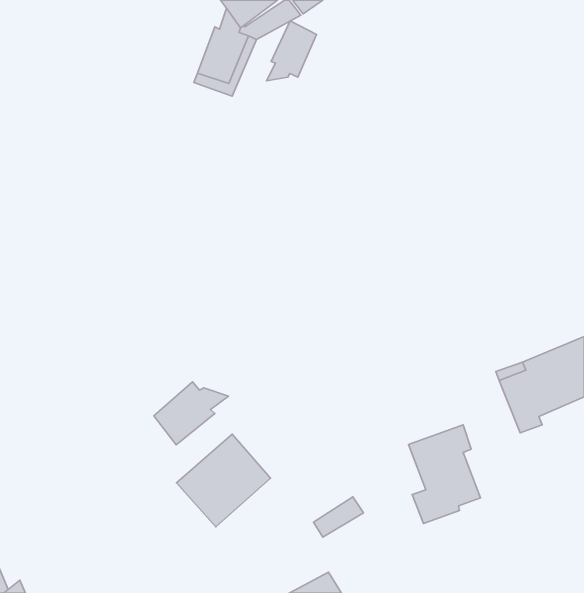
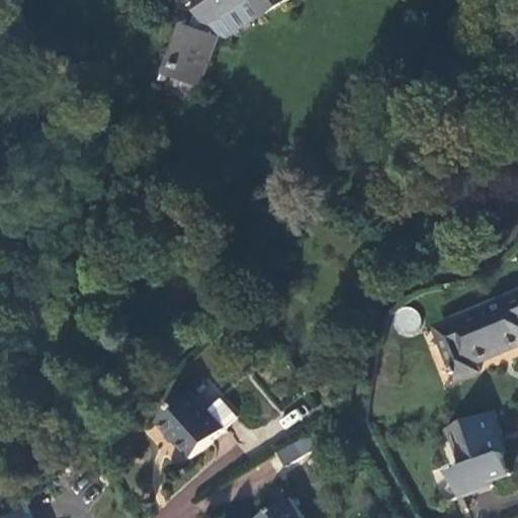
building: [266,21,316,81] -> none
building: [154,382,228,445] -> none
building: [409,425,481,523] -> [442,410,505,496]

